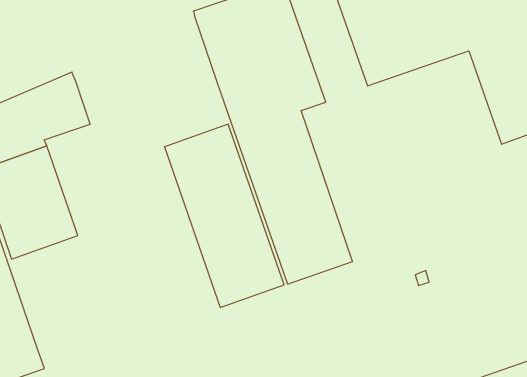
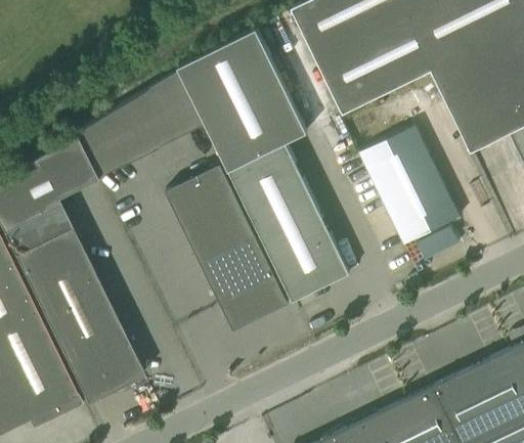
building: none -> [74,71,206,179]
building: none -> [359,126,460,261]
building: none -> [40,281,143,403]

